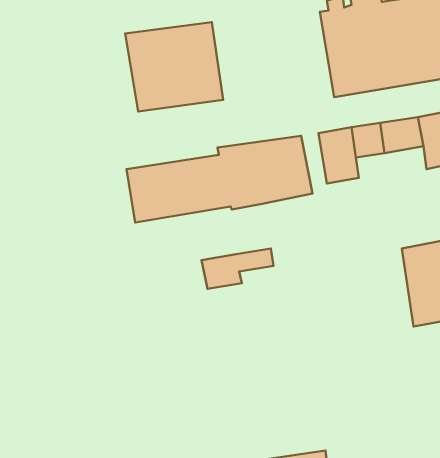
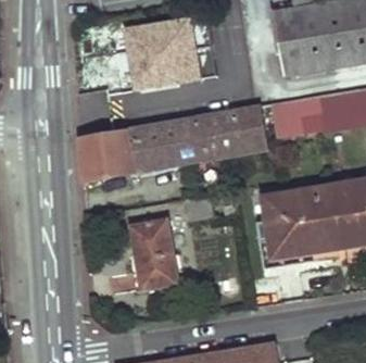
building: none -> [80,132,136,180]
building: none -> [266,191,345,259]
building: none -> [128,217,178,291]

